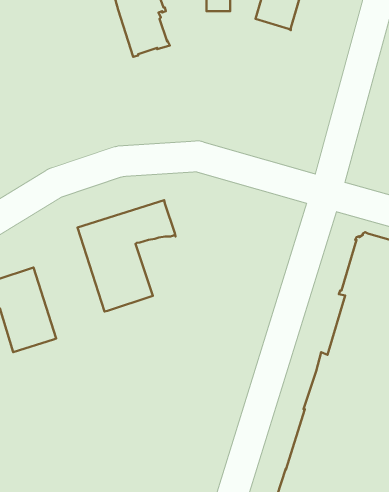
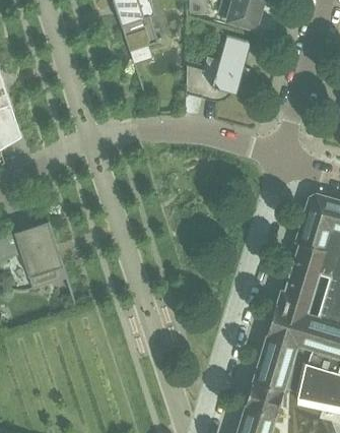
building: none -> [186,36,252,102]
building: [78,200,175,311] -> none

